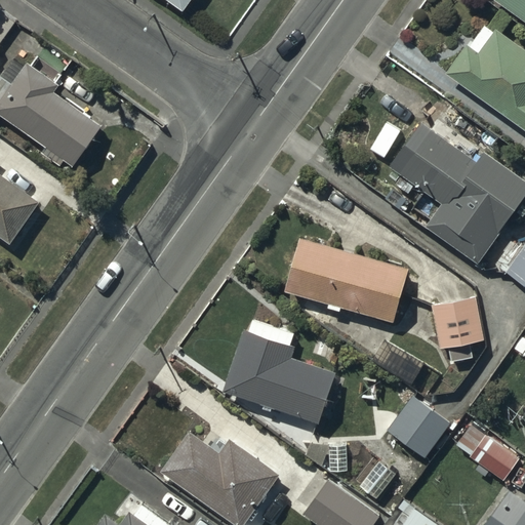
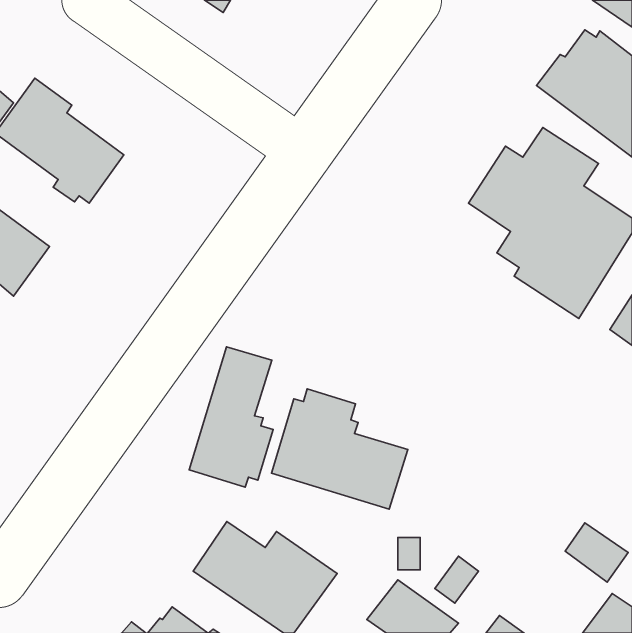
building: [287,241,410,323] -> none
building: none -> [189,347,273,487]
building: [431,295,483,363] -> none
building: [388,395,453,459] -> none

